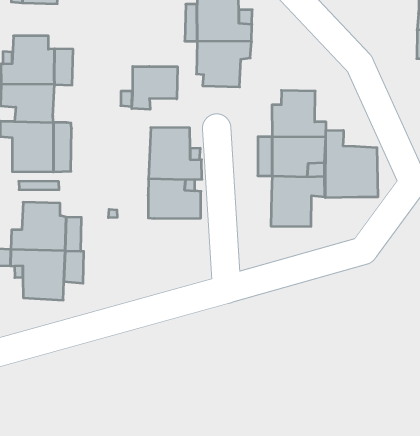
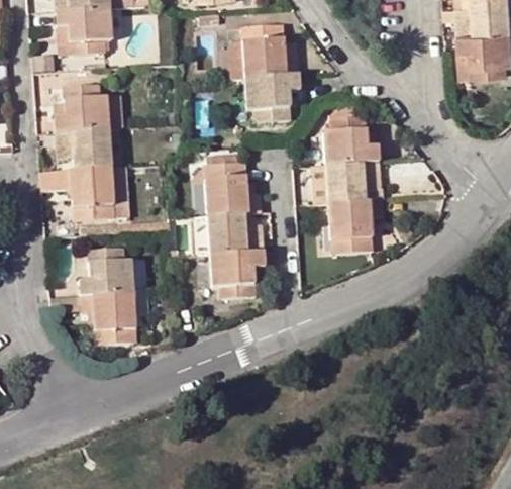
building: [132,66,177,109] -> none
building: [325,130,378,198] -> none
building: none -> [211,251,264,298]

